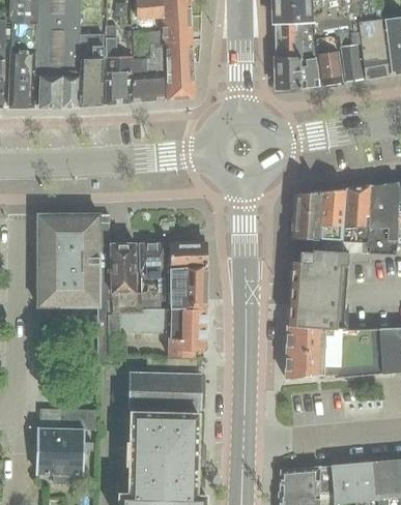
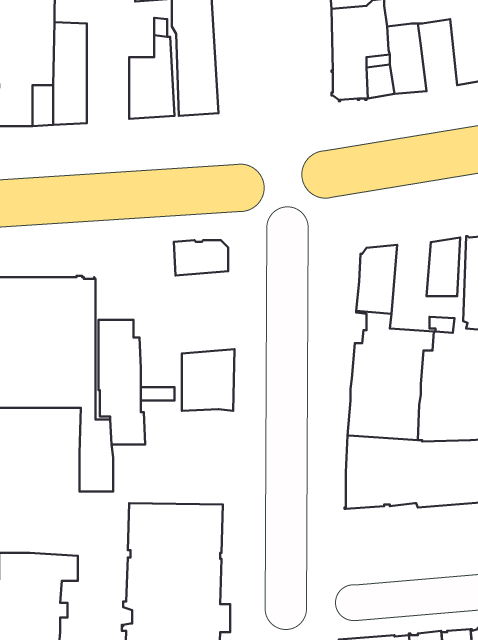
building: [104,26,132,105] -> none
building: [339,32,364,82] -> none
building: [317,189,345,241] -> none
building: [168,243,206,268] -> [174,240,228,275]
building: [139,244,164,278] -> none
building: [165,307,205,357] -> none

